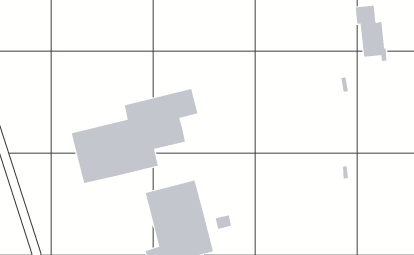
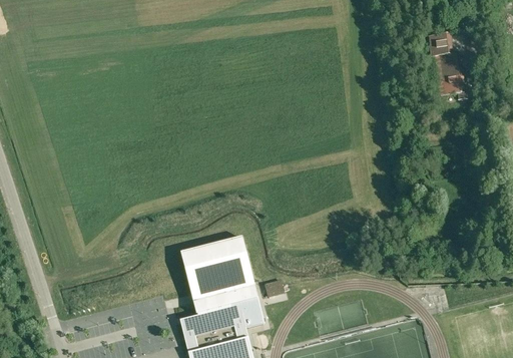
building: [71,88,198,184] -> none

